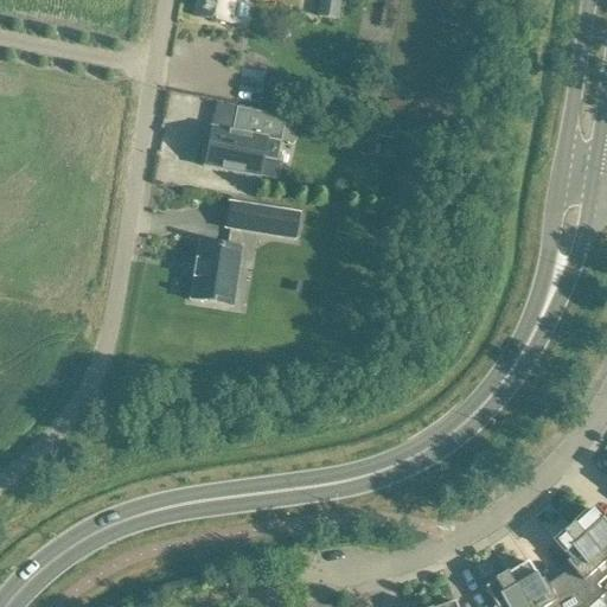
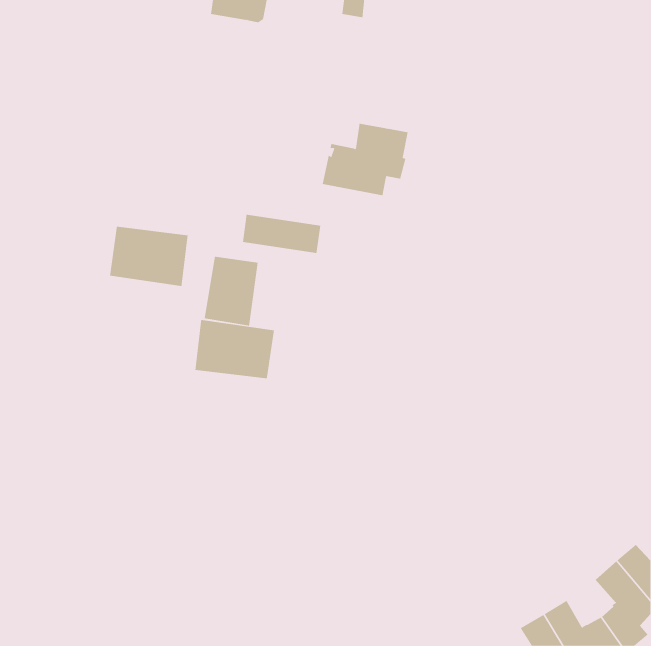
building: [203,106,283,173] -> [322,123,409,196]
building: none -> [109,226,188,287]
building: none -> [195,319,274,379]

